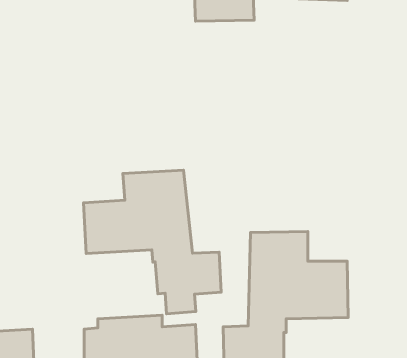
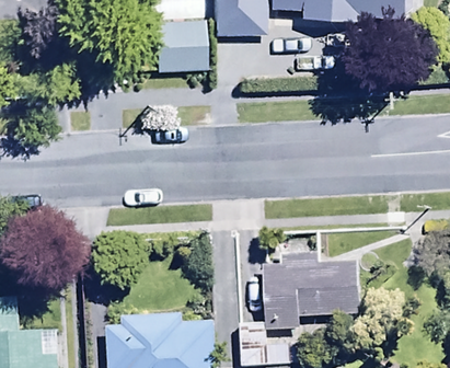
building: none -> [153,21,201,70]
building: [84,170,221,314] -> none

